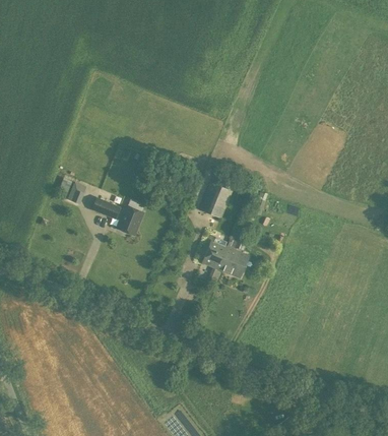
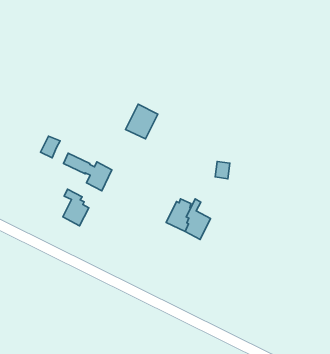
building: [200,182,233,217] -> [126,104,158,139]
building: none -> [63,189,89,226]

